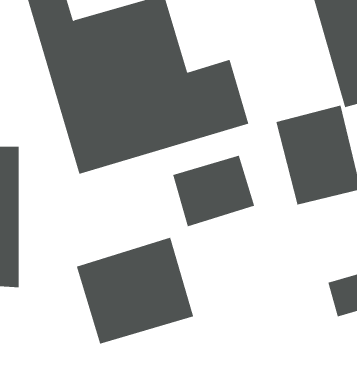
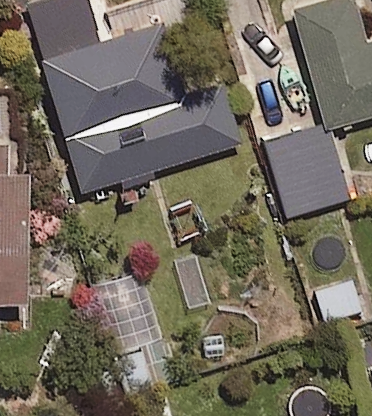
building: [172,155,255,227] -> none
building: [76,237,194,345] -> none

